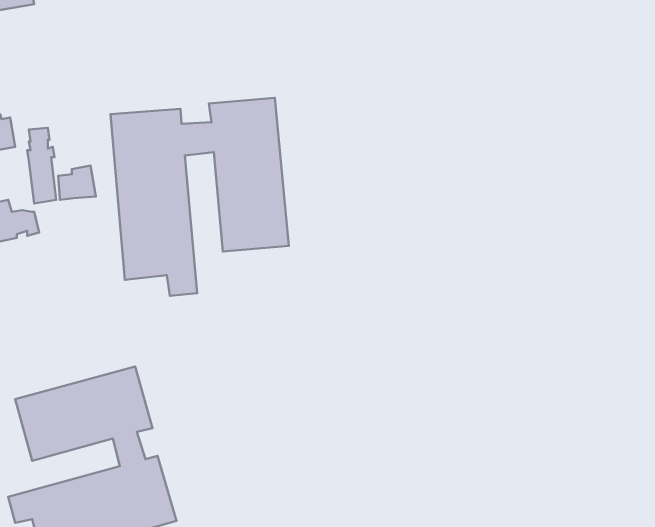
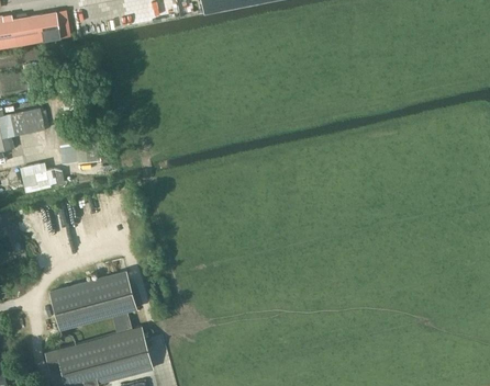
building: [110,98,289,296] -> none

